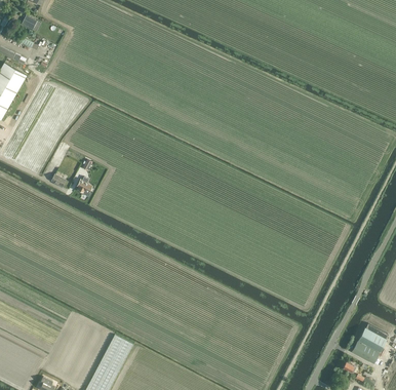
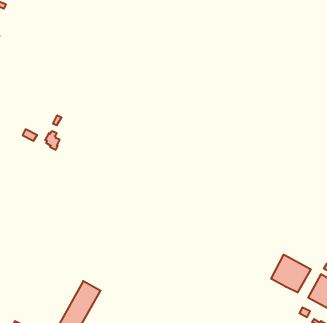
building: none -> [271,255,311,293]

